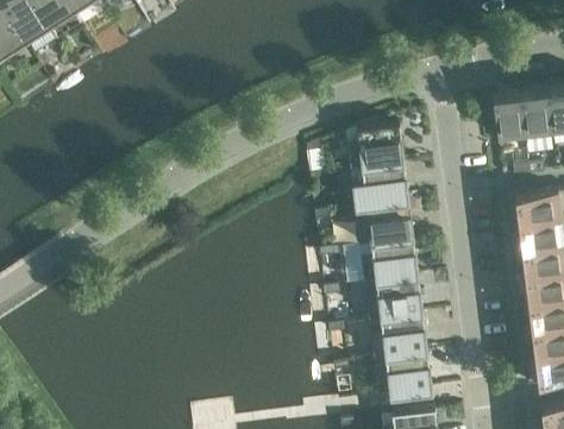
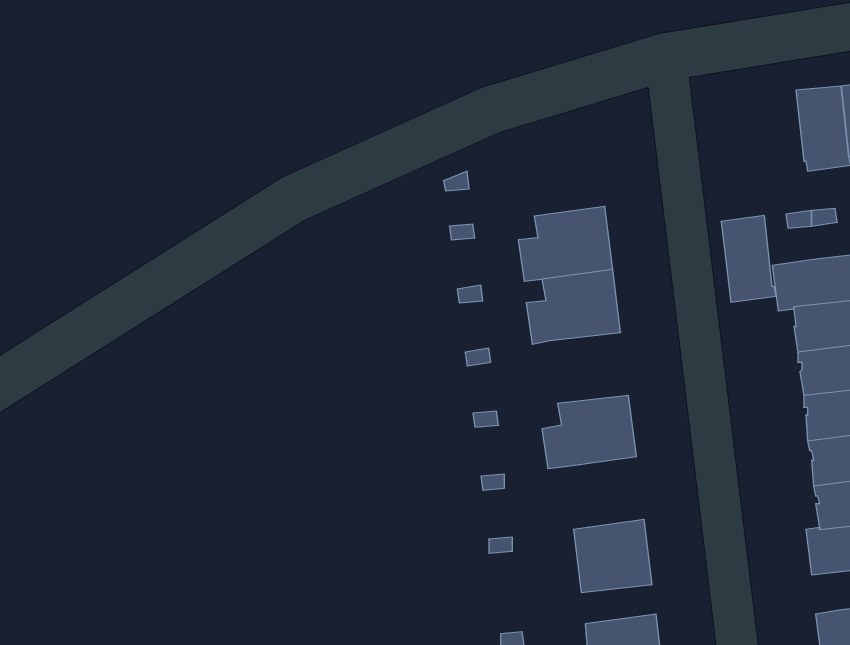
building: [493,93,526,145] -> [721,216,776,302]
building: [346,120,403,170] -> none
building: [361,239,418,283] -> none
building: [370,314,427,359] -> none

